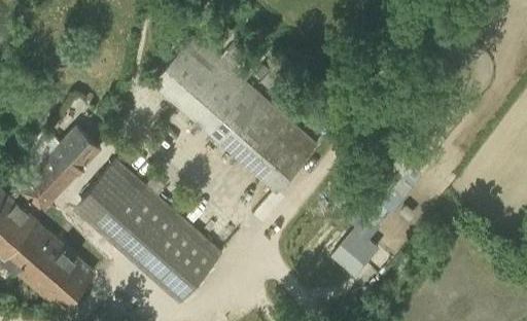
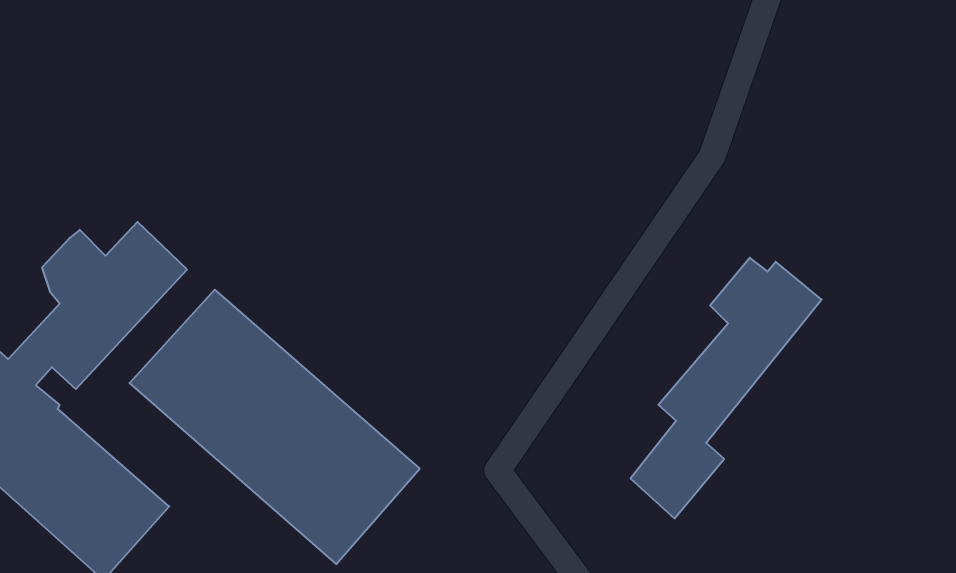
building: [153,29,322,191] -> none

